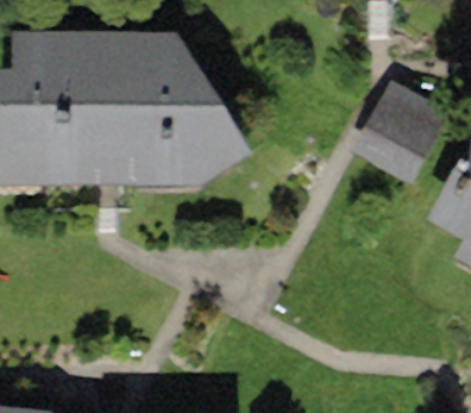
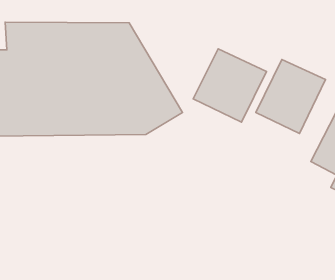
building: none -> [193,49,266,122]

